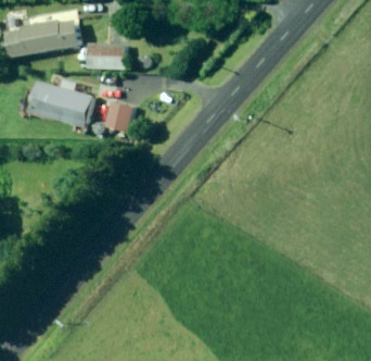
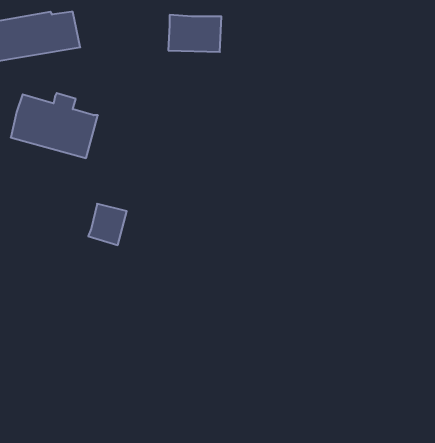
building: [85,42,124,70] -> [168,15,221,52]
building: [103,102,131,133] -> [88,204,127,245]

